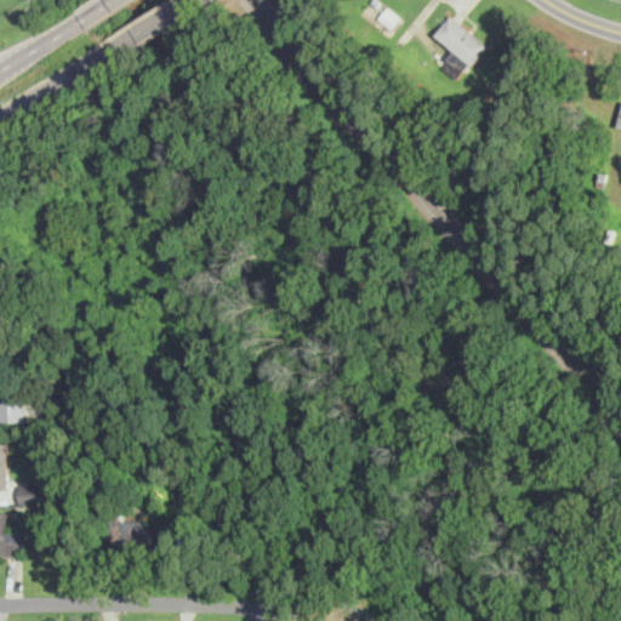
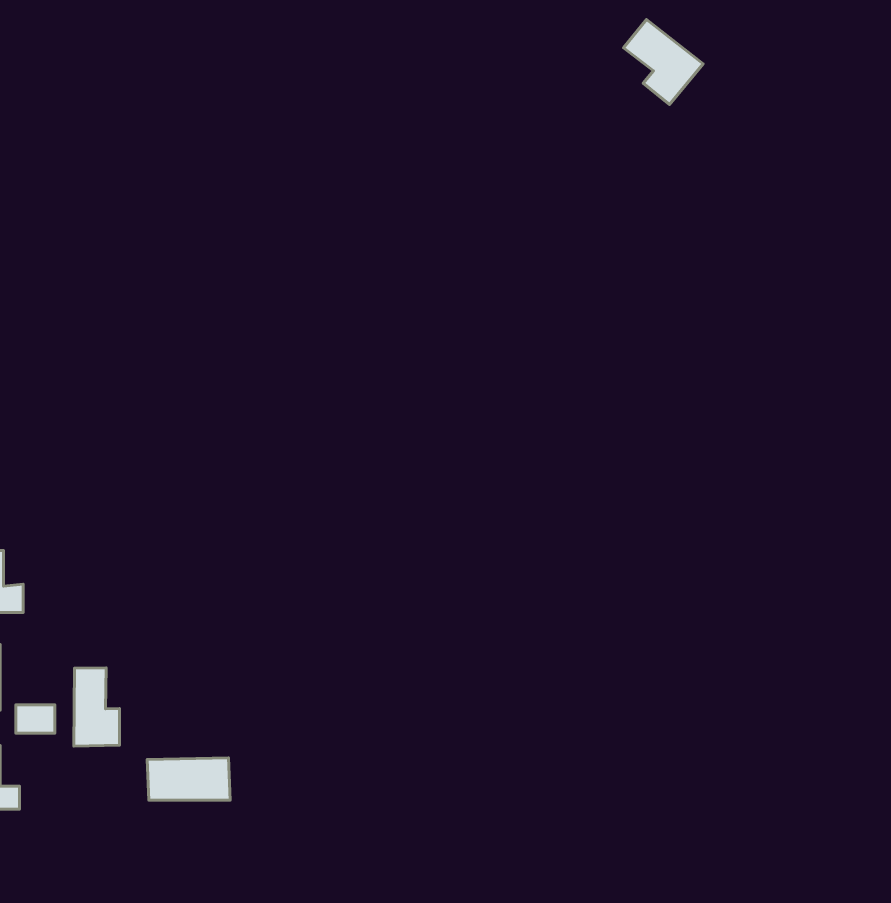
building: none -> [74,668,120,746]

